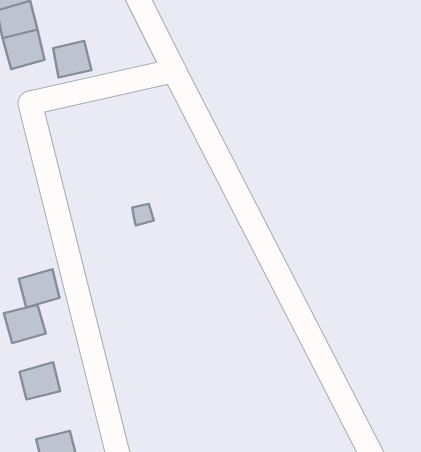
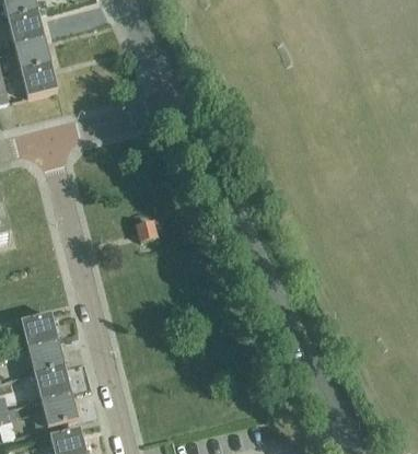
building: [53,41,91,77] -> none
building: [19,269,60,308] -> [27,339,65,374]
building: none -> [40,392,78,427]

